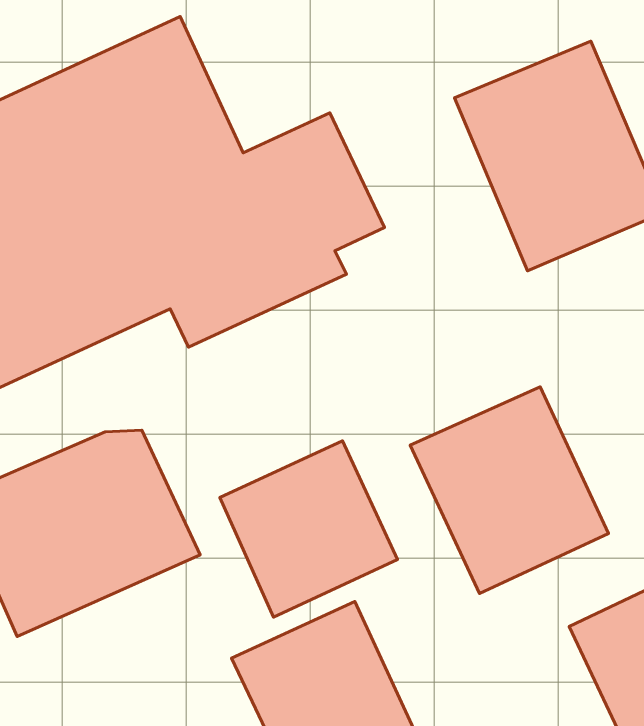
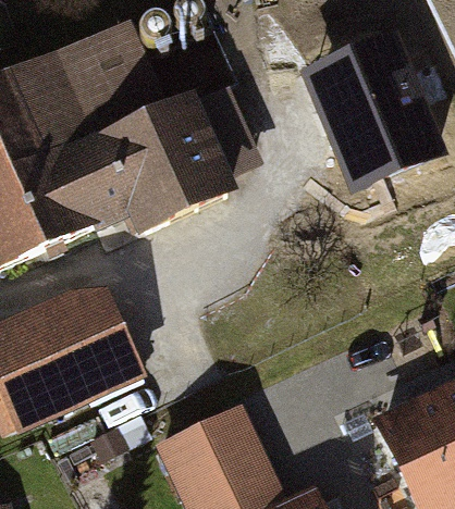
building: [410,387,608,593] -> none
building: [220,441,397,617] -> none

